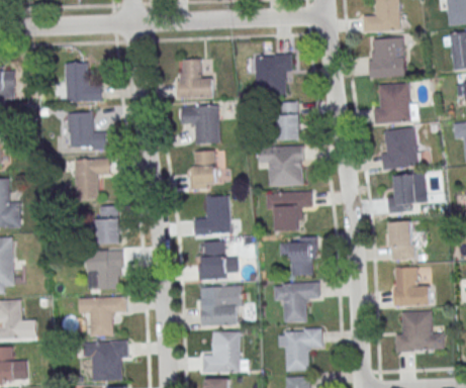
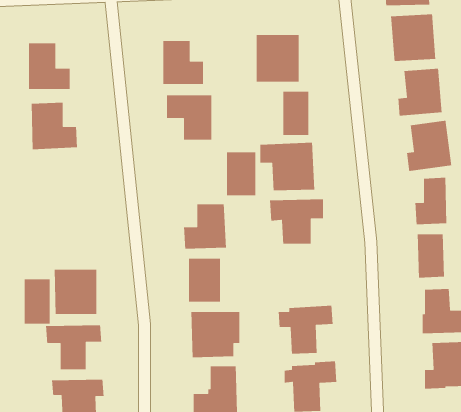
building: [190,151,215,188] -> [226,152,256,196]
building: [75,159,108,198] -> none
building: [97,206,119,245] -> [24,279,50,325]
building: [281,238,315,275] -> none

